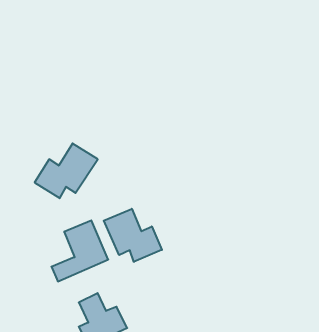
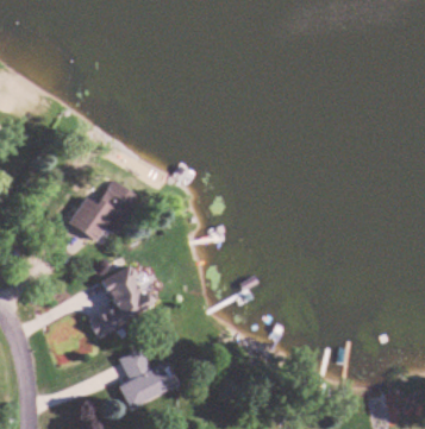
building: [104,209,162,262] -> none

